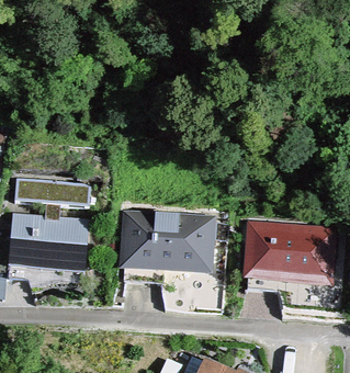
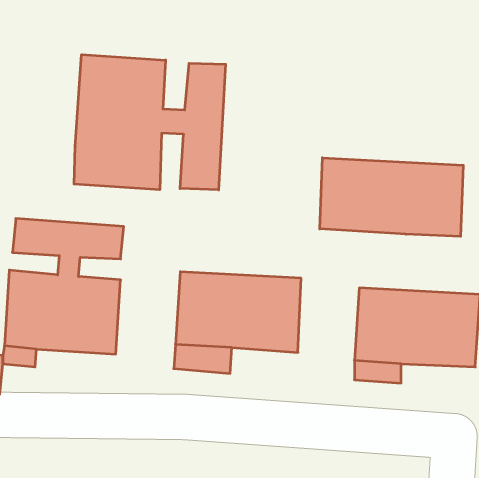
building: none -> [74,55,226,190]
building: none -> [320,158,463,236]

